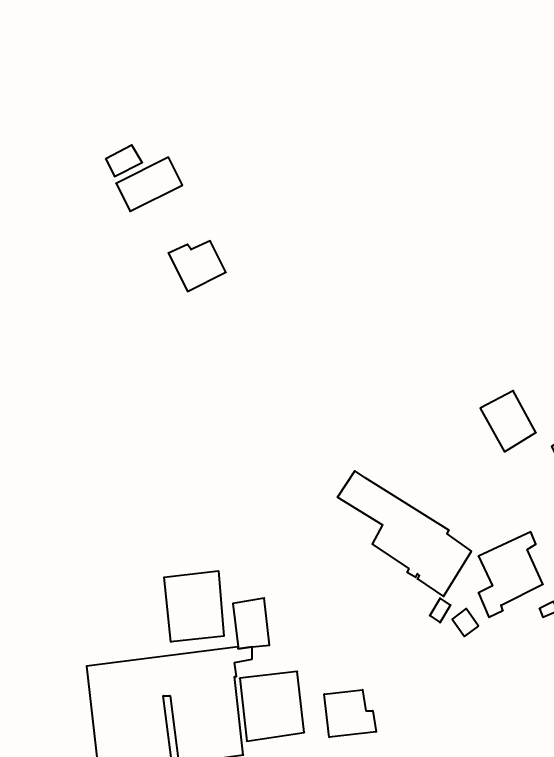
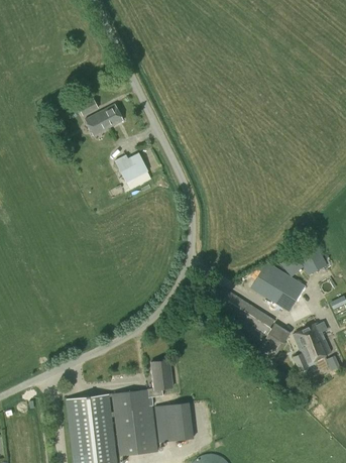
building: none -> [250,262,305,312]
building: [164,571,224,642] -> none
building: [324,690,376,737] -> none

